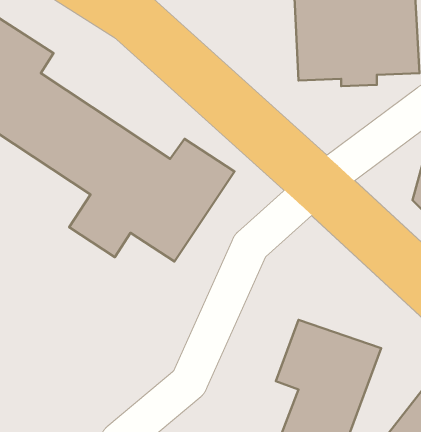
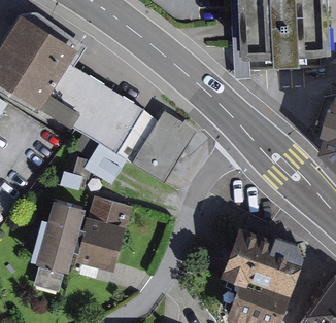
building: none -> [35,200,129,291]

